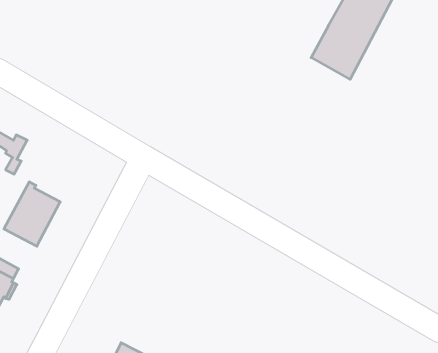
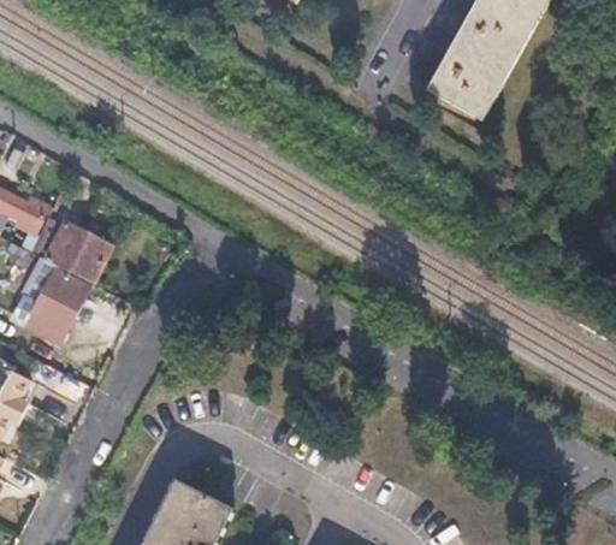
building: none -> [23,217,108,283]

